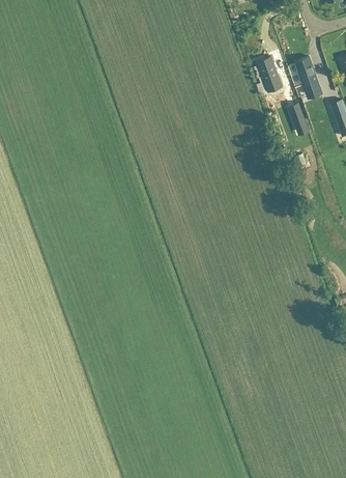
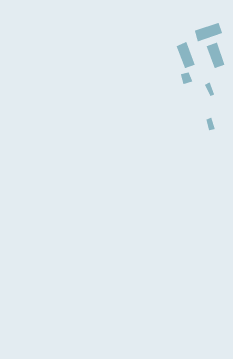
building: none -> [194,22,223,42]

